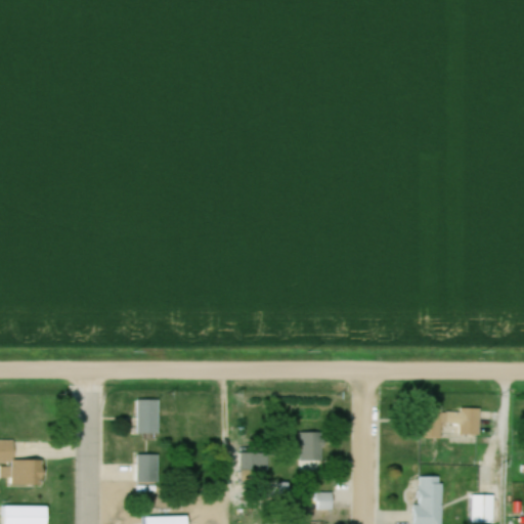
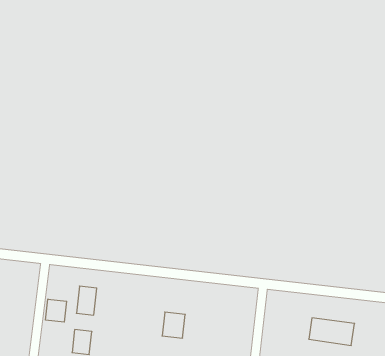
building: none -> [46,299,67,322]
building: [298,433,323,463] -> [162,312,185,338]

